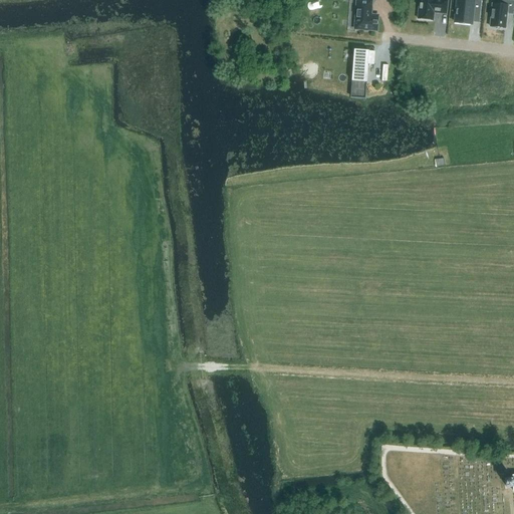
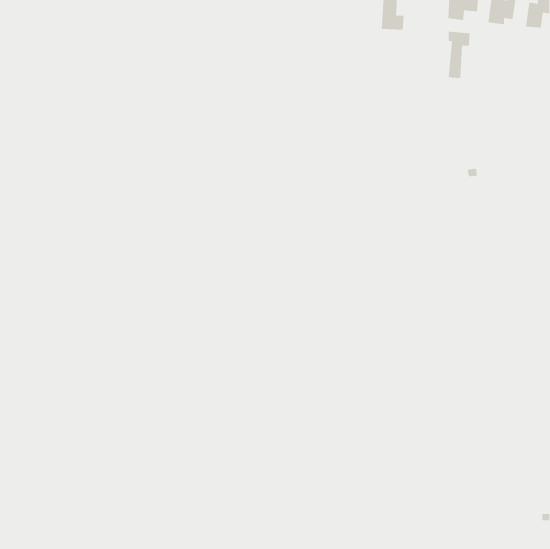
building: [352,48,373,97] -> [448,31,471,84]

